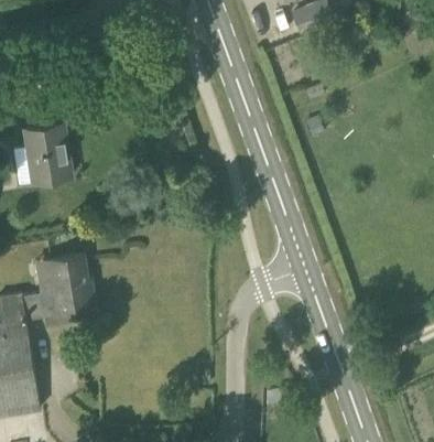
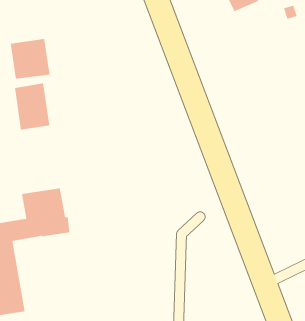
building: none -> [10,38,50,80]

